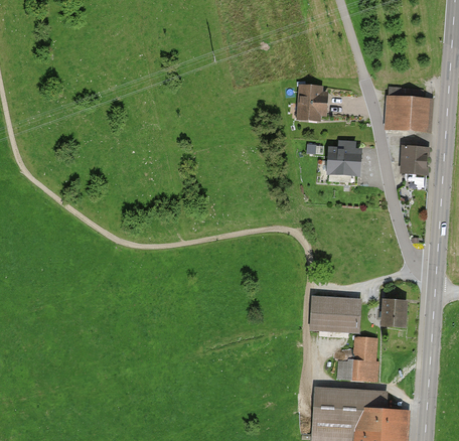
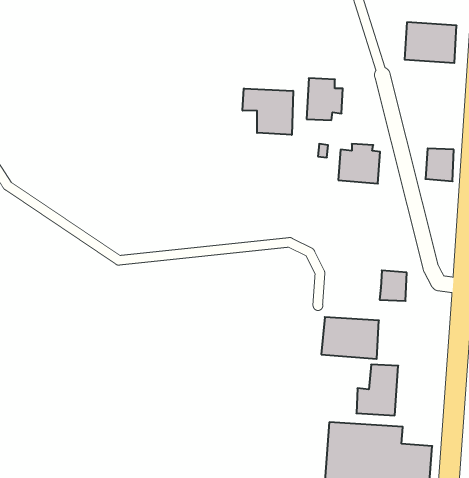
building: none -> [243,88,293,135]
building: [385,95,431,131] -> [405,22,457,63]
building: [380,298,405,325] -> [380,270,407,301]

